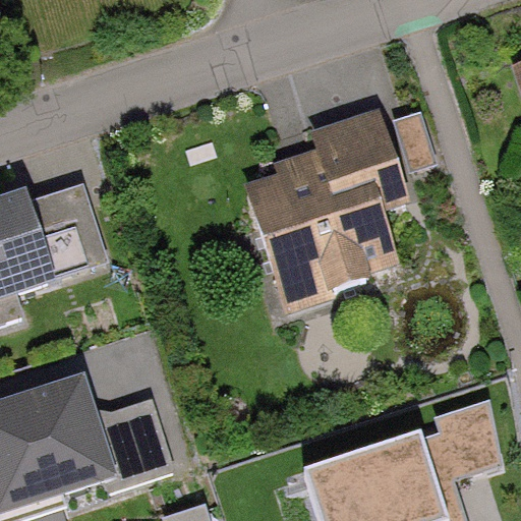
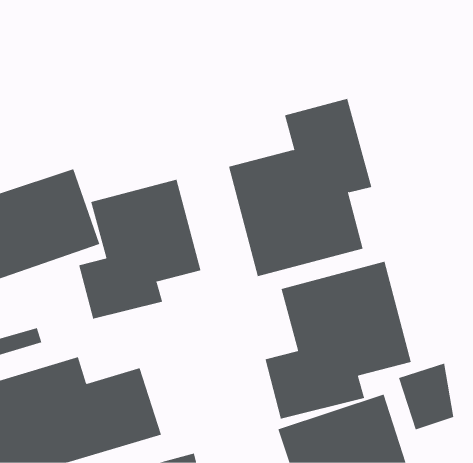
building: none -> [79,179,201,320]
building: none -> [265,261,412,420]

